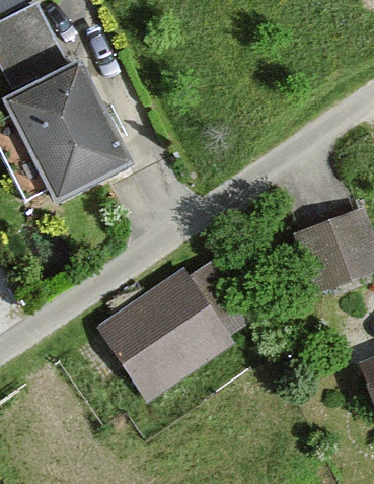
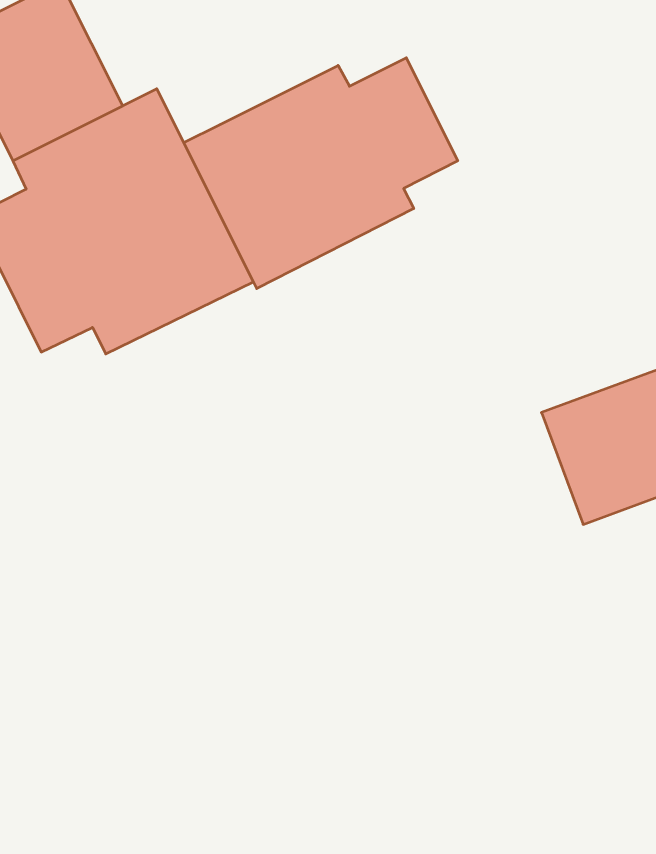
building: none -> [184,58,458,289]
building: [94,261,250,401] -> none

